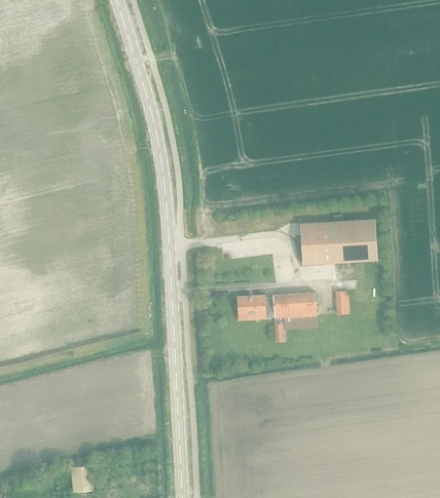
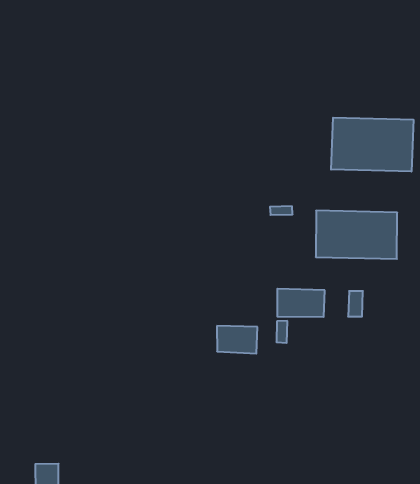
building: none -> [331,118,413,172]
building: [236,296,273,320] -> [217,326,257,354]

